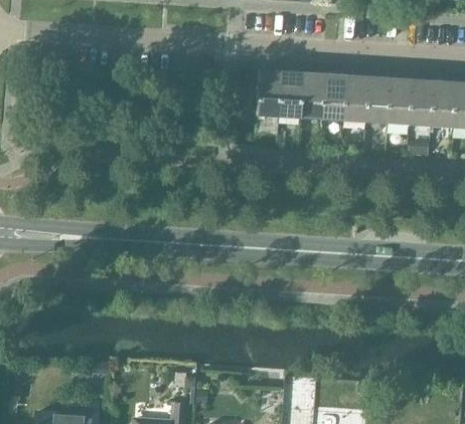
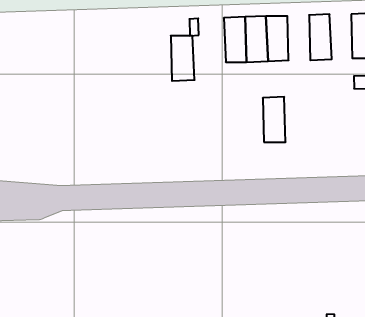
building: [256,68,281,116] -> [171,36,195,81]
building: [343,74,368,122] -> [263,97,286,142]
building: [388,76,412,124] -> none

